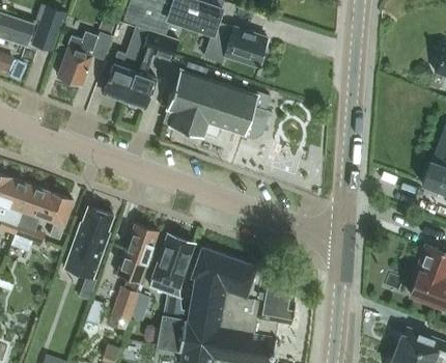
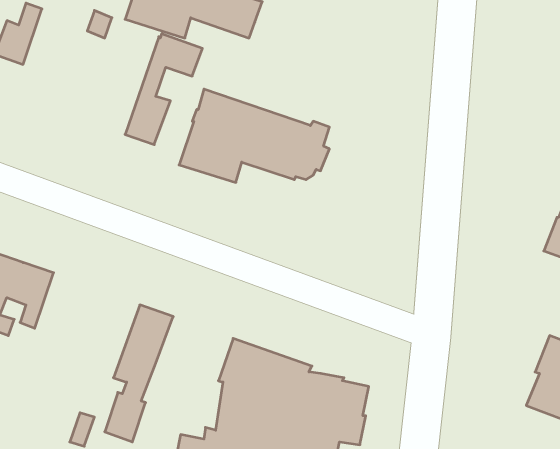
building: [205,23,269,67] -> none
building: [103,26,150,103] -> none
building: [58,32,113,86] -> none
building: [65,207,114,279] -> none
building: [154,235,194,319] -> none

